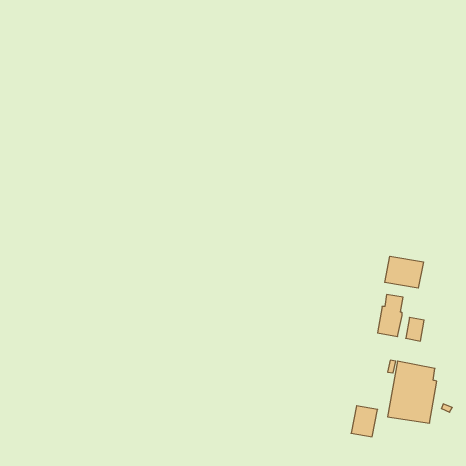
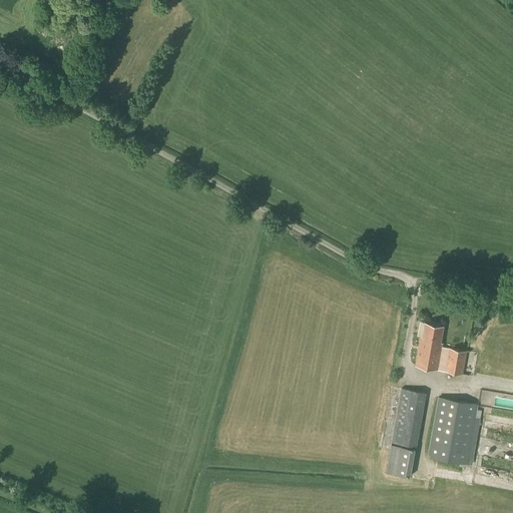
building: [385,256,423,288] -> none
building: none -> [391,389,426,448]

